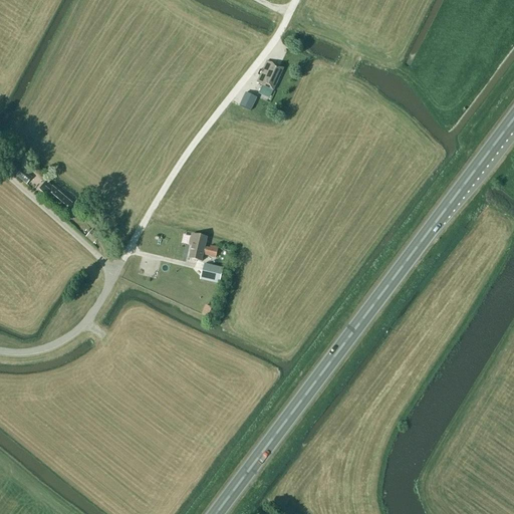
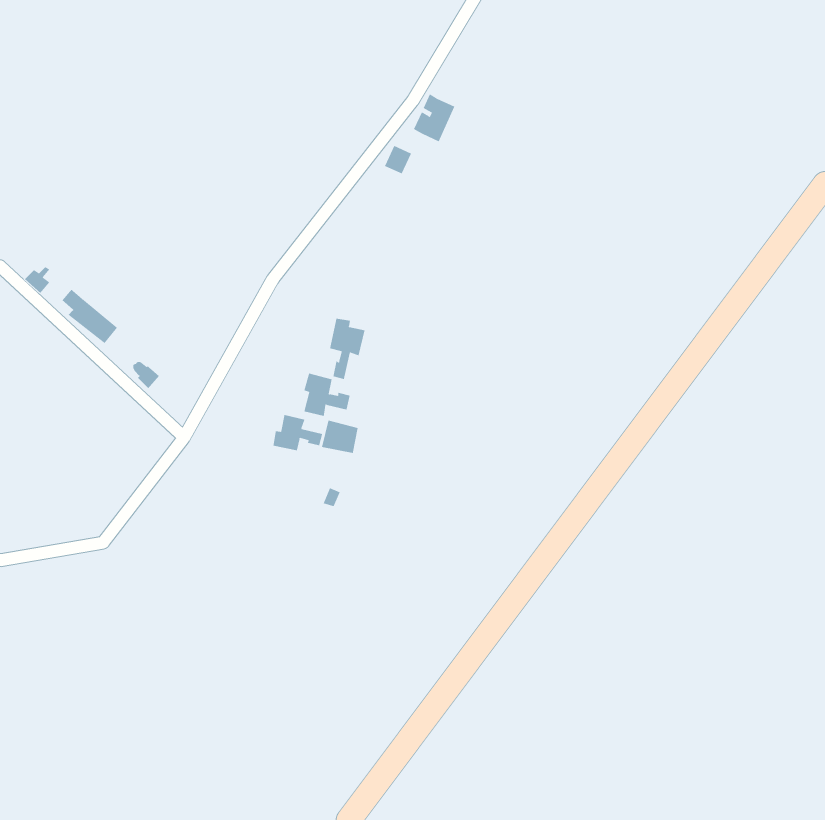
building: none -> [330,318,365,380]
building: none -> [273,414,323,451]

